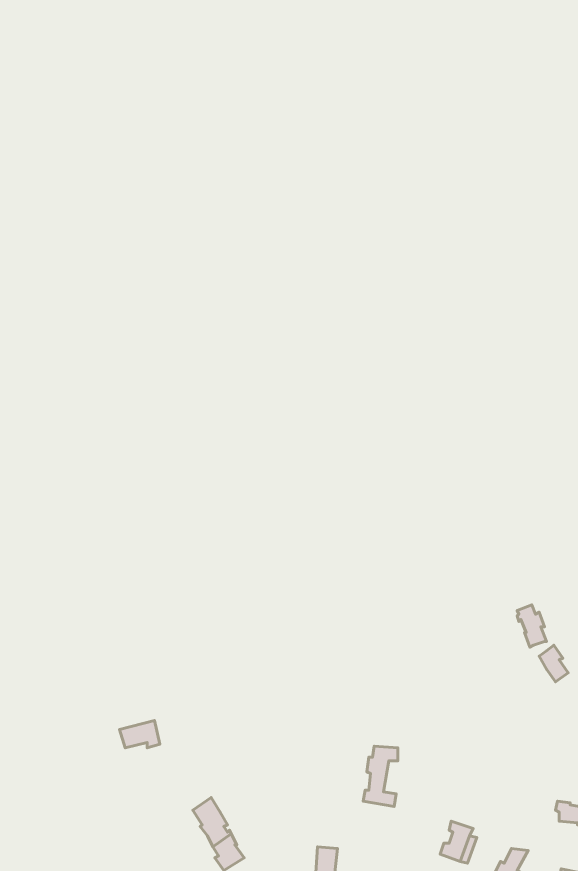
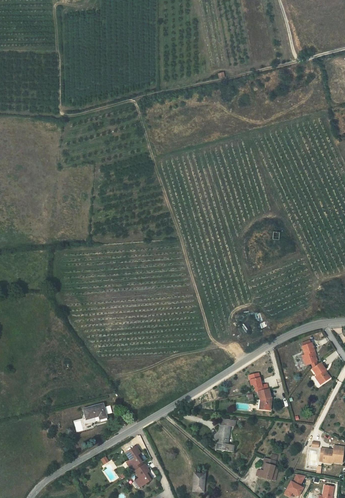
building: none -> [249,374,270,411]

